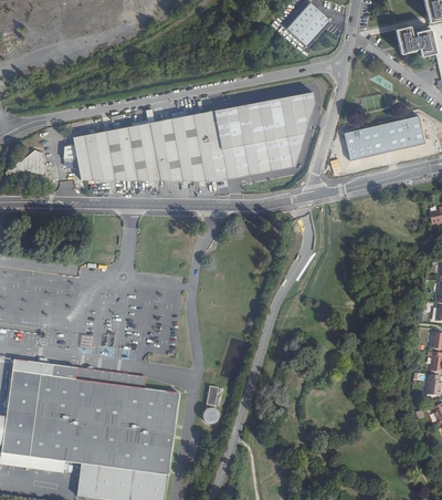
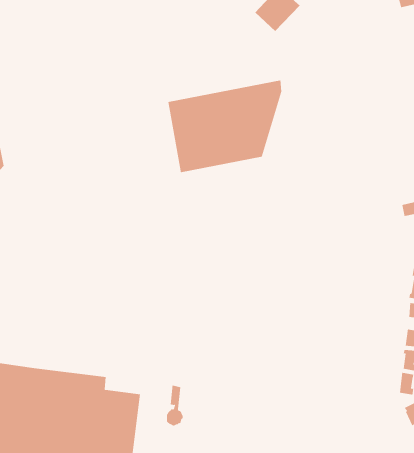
building: [396,24,435,55] -> none
building: [64,112,215,180] -> none
building: [344,115,424,159] -> none

